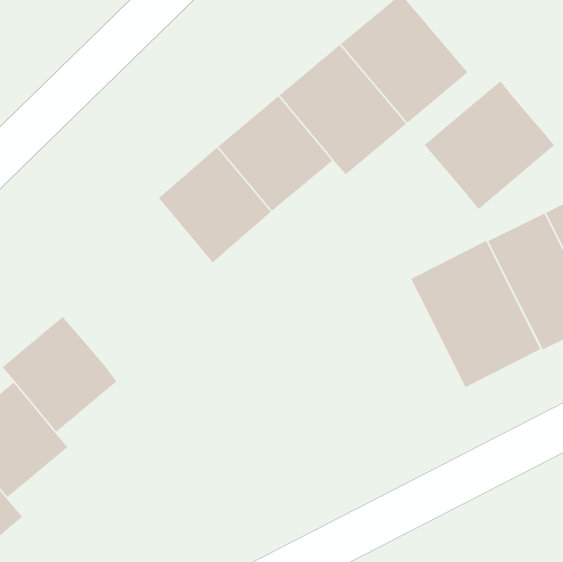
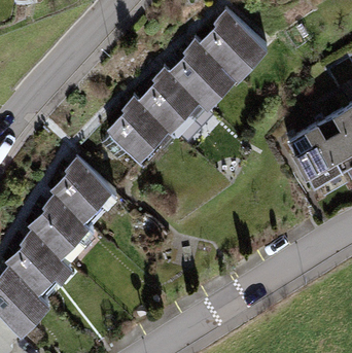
building: [424,80,555,210] -> none
building: [410,240,541,388] -> none
building: none -> [54,161,115,223]

